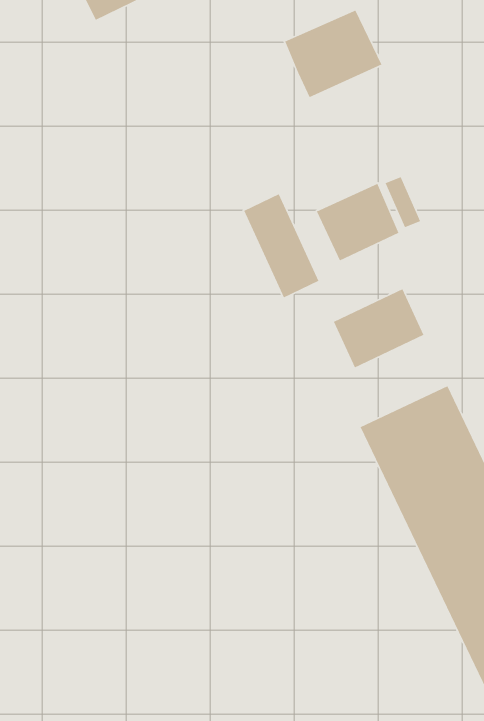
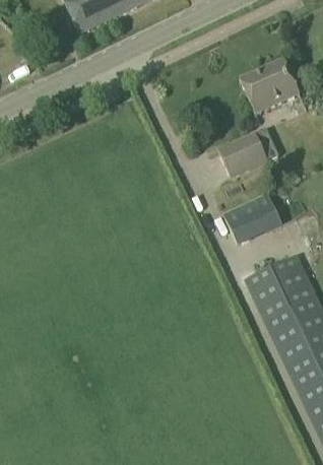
building: [284,10,383,98] -> [240,58,300,112]
building: [243,193,319,298] -> none

